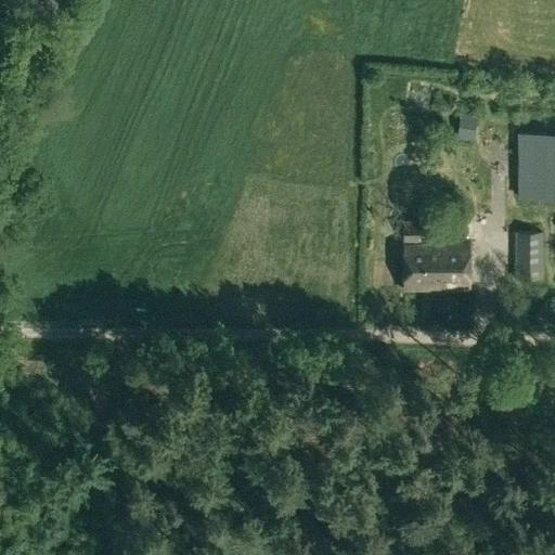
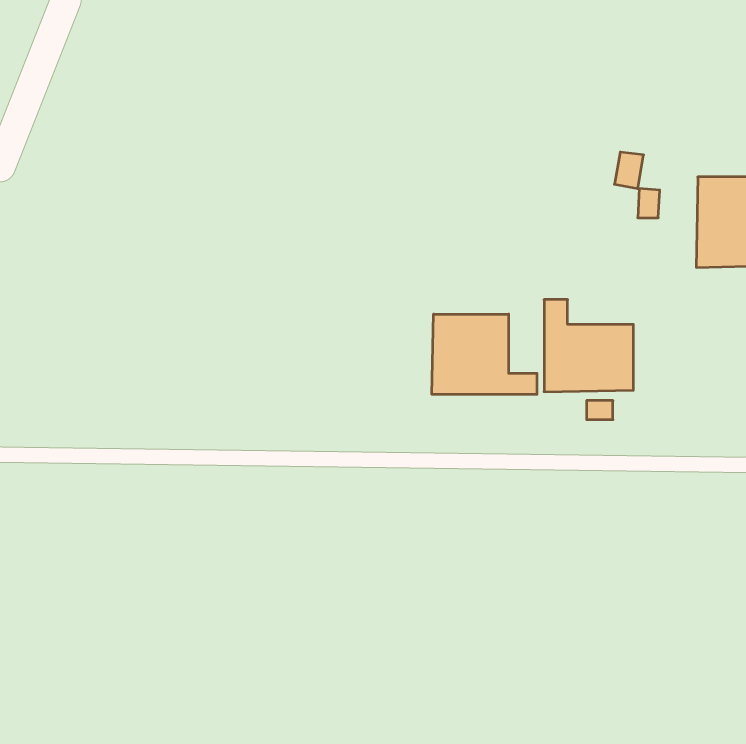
building: [515,234,544,281] -> none
building: none -> [432,314,537,394]

